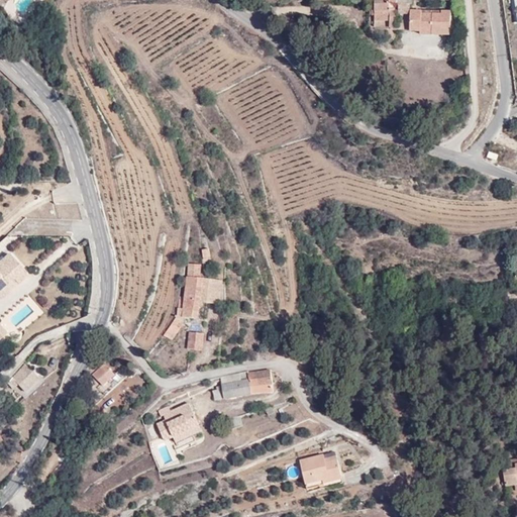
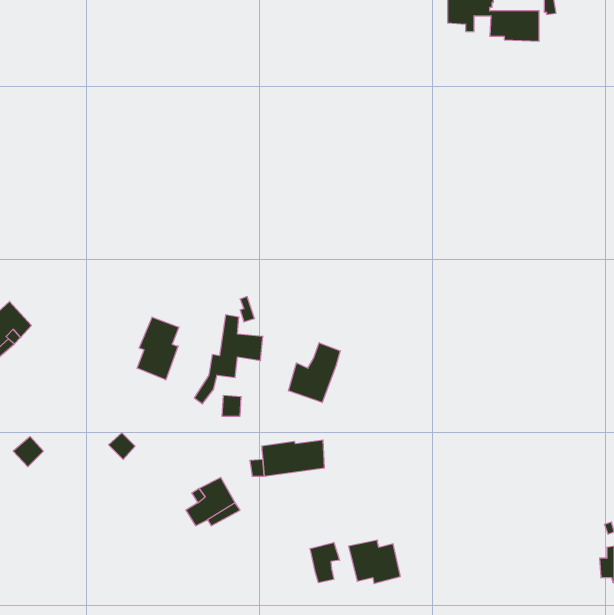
building: none -> [137,317,179,380]
building: none -> [288,343,340,403]
building: none -> [310,542,340,583]

